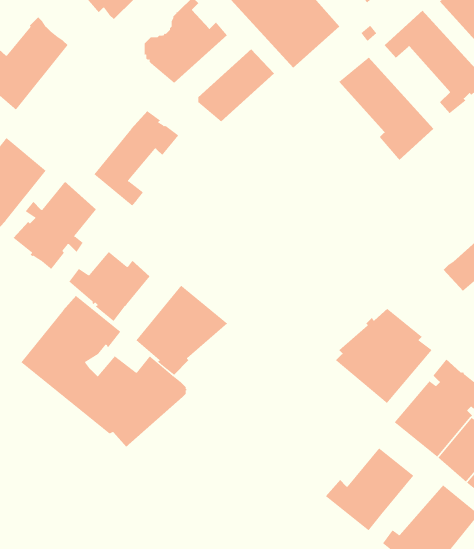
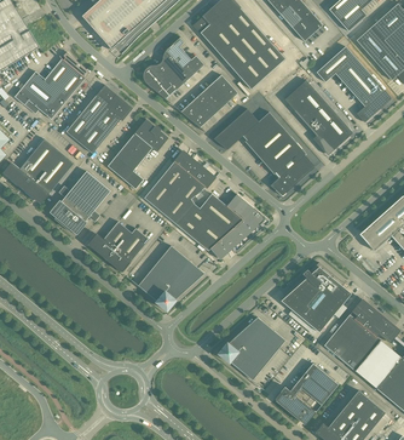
building: none -> [64,84,132,153]
building: none -> [213,108,314,195]
building: [20,295,188,448] -> [143,149,264,259]
building: none -> [214,316,284,379]

